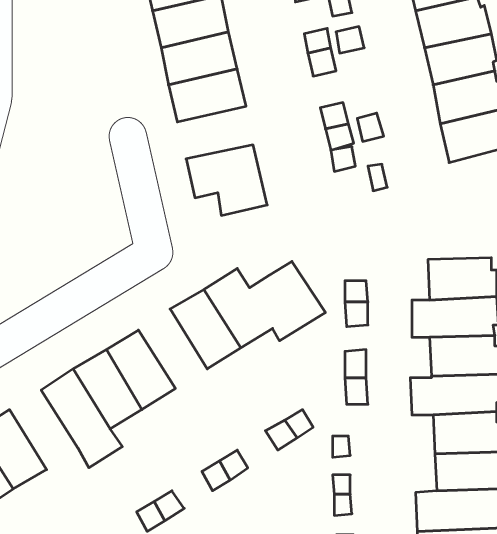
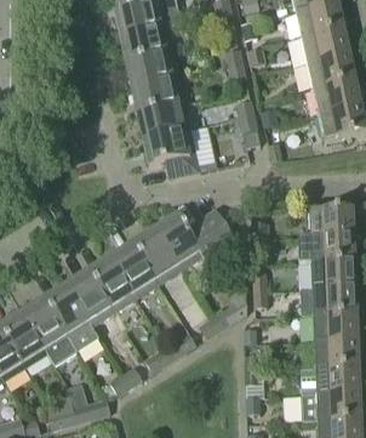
building: none -> [137,103,189,140]
building: none -> [110,243,158,297]
building: none -> [22,298,76,366]

